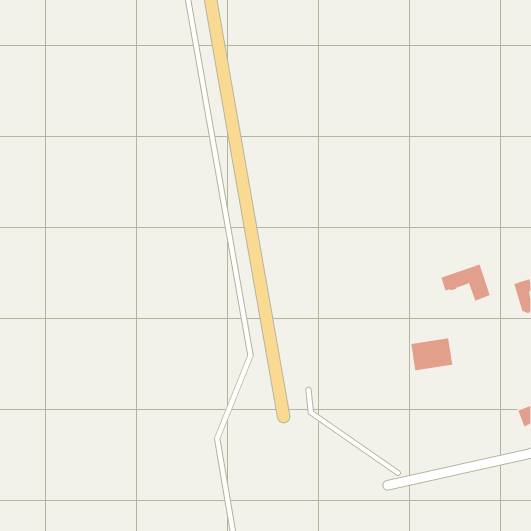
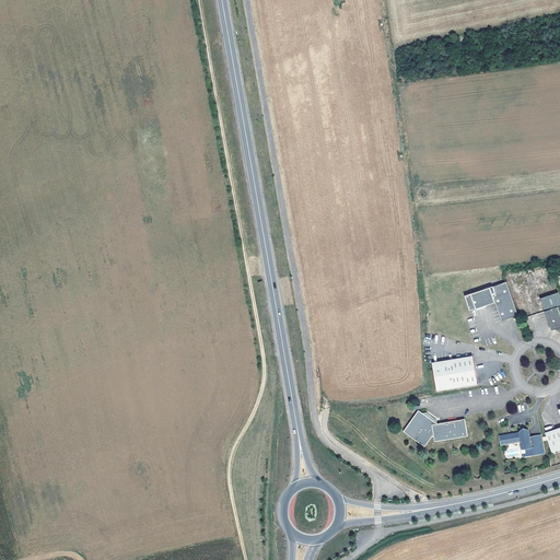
building: none -> [404,410,468,446]
building: none -> [498,429,542,455]

